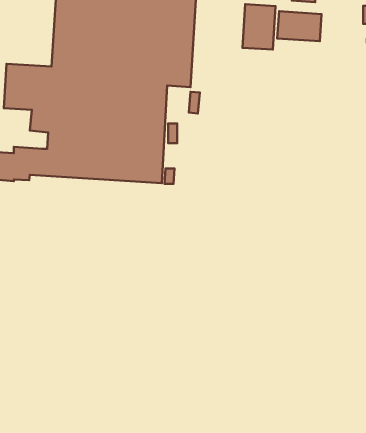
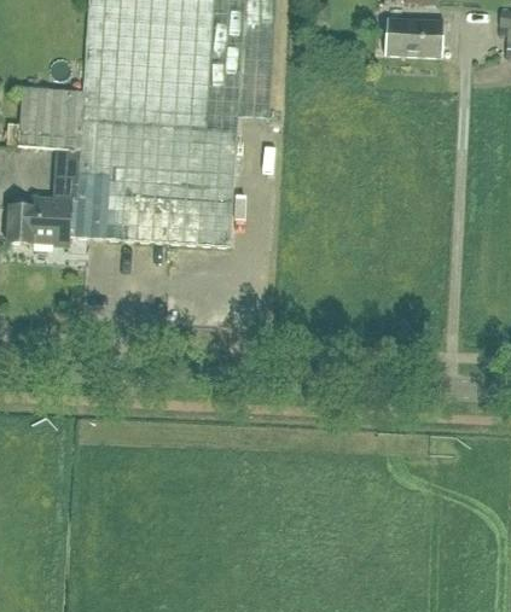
building: [242,4,275,50] -> none

